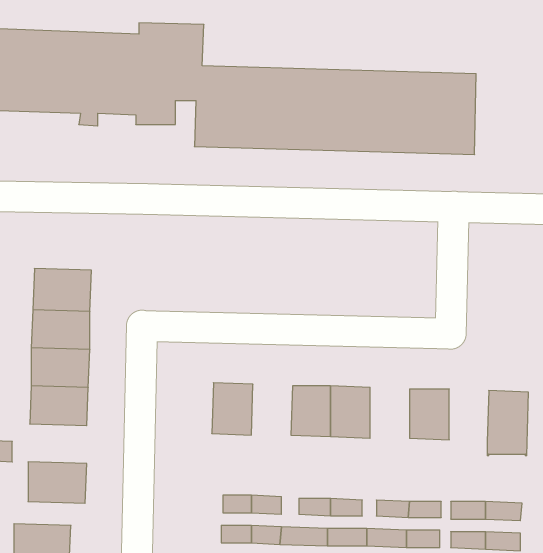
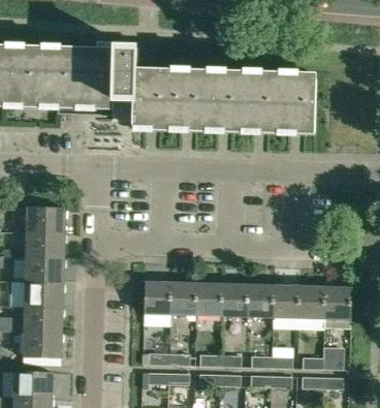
building: none -> [169,281,196,314]
building: none -> [247,283,273,316]
building: none -> [298,284,324,318]
building: none -> [24,307,62,333]

